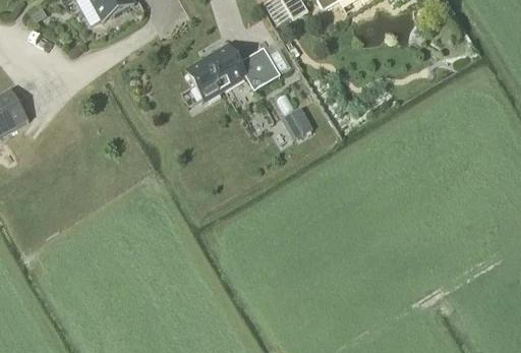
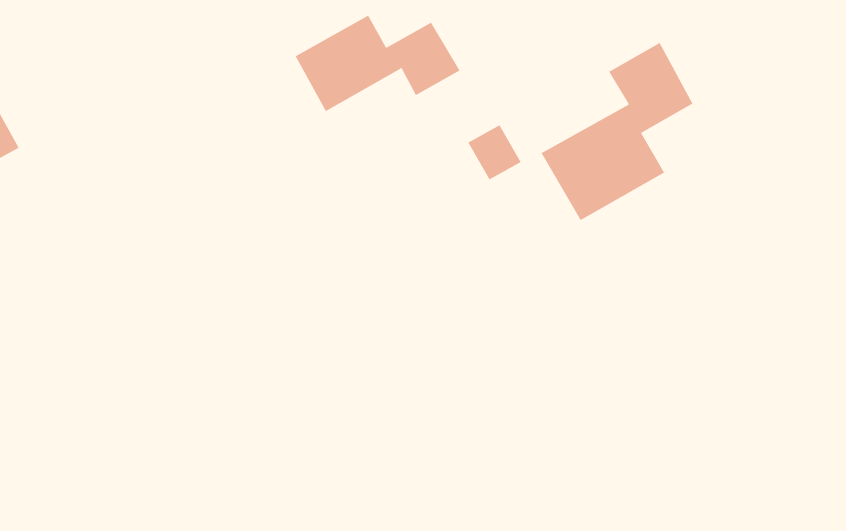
building: none -> [541,42,693,221]

